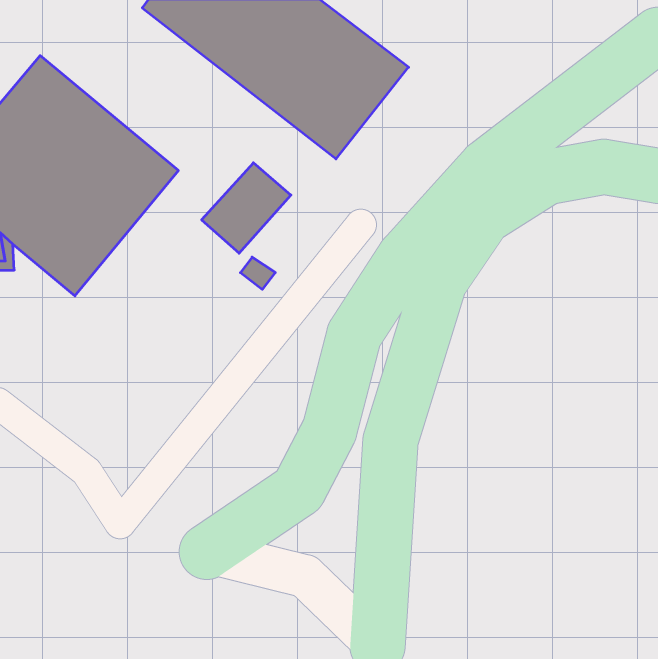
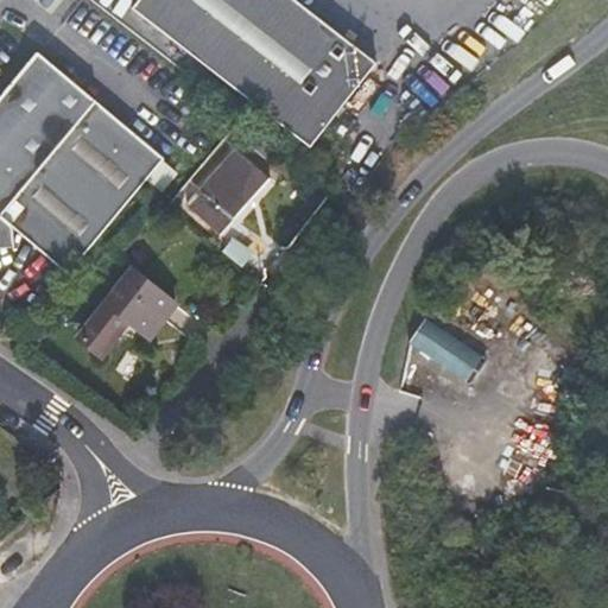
building: none -> [77,268,175,355]
building: none -> [407,315,486,382]

